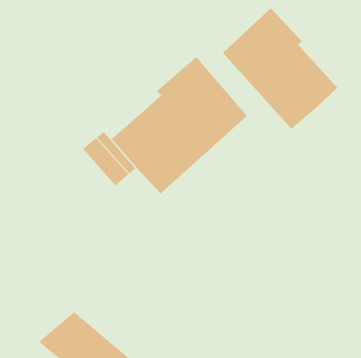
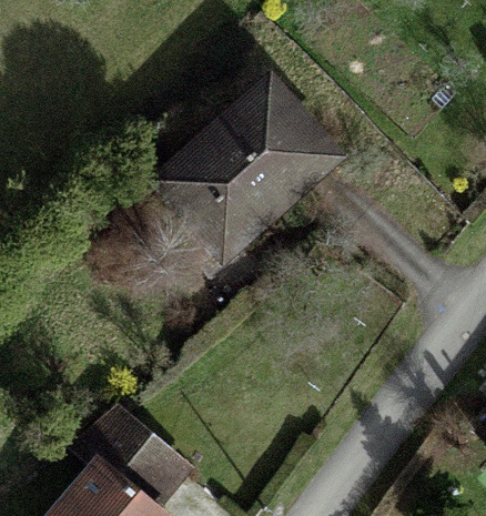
building: [222,7,338,130] -> none

